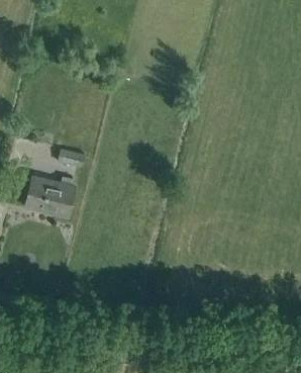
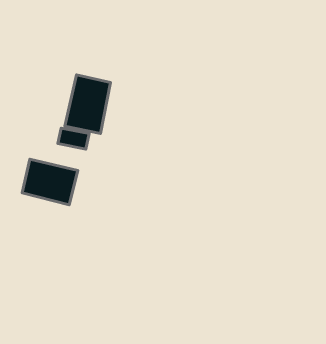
building: none -> [65,75,111,133]

